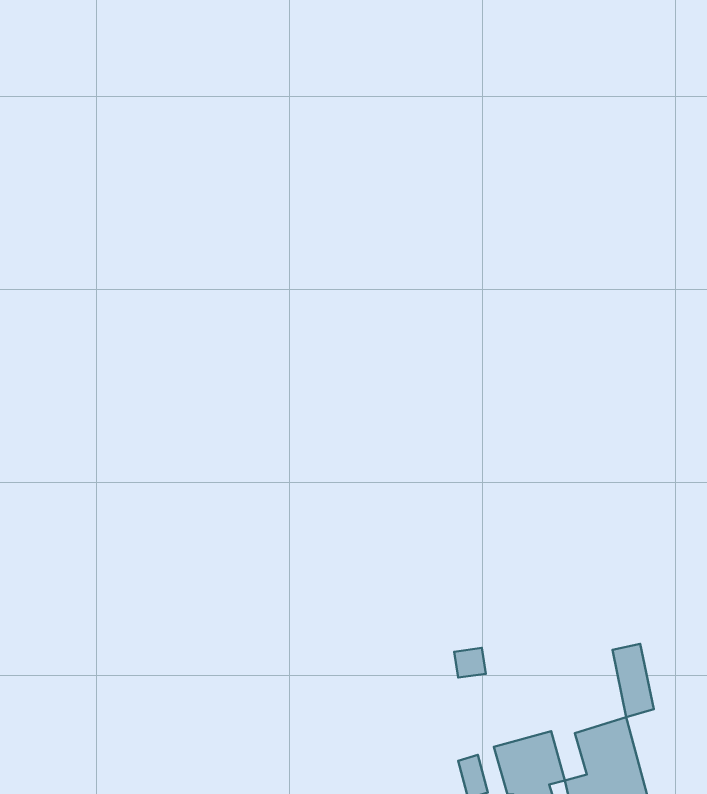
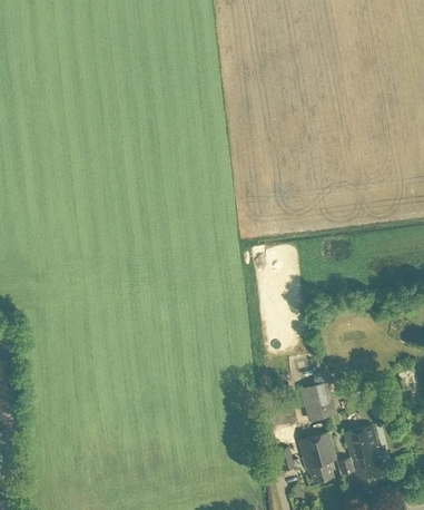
building: [612,644,654,717] -> [300,382,324,423]

